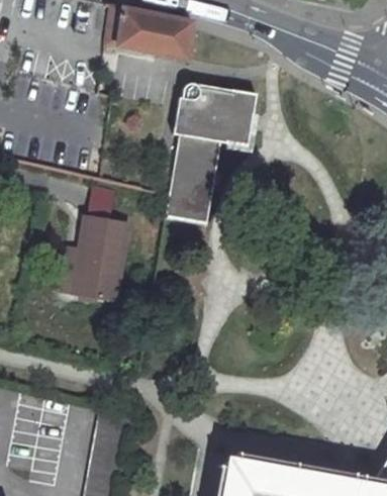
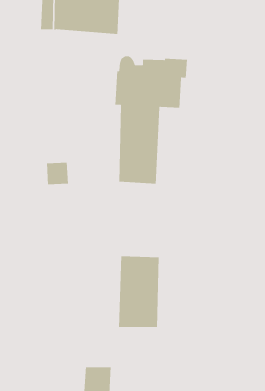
building: [73,217,127,300] -> [118,256,159,328]

